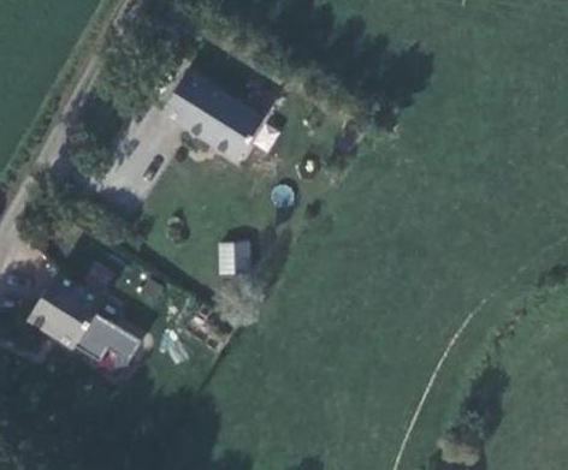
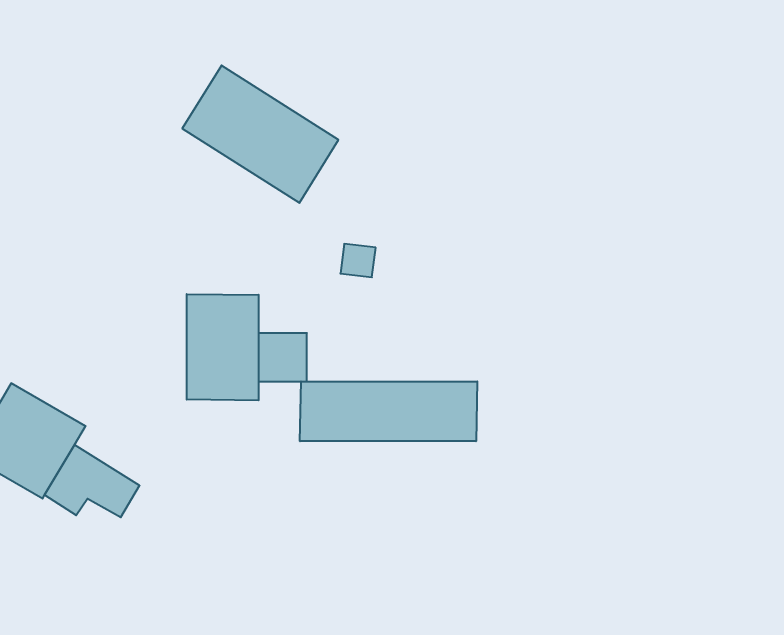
building: none -> [187,294,259,400]
building: none -> [300,381,477,441]

